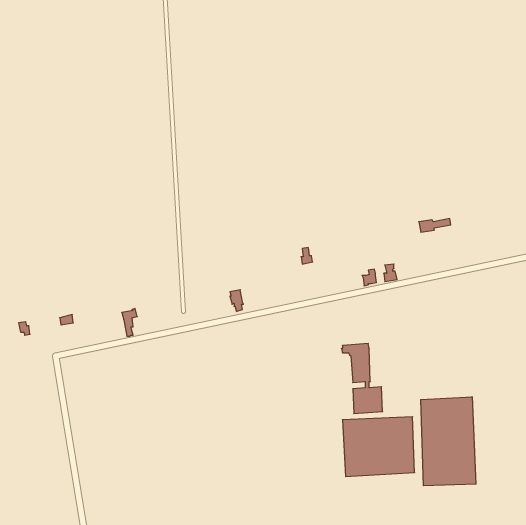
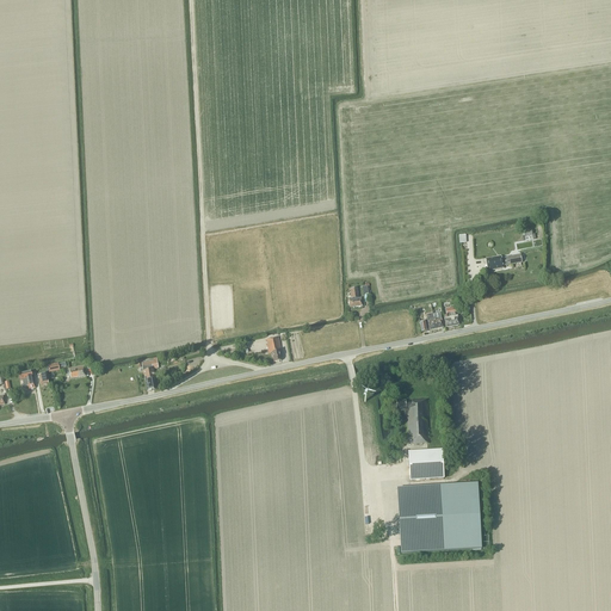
building: [421,397,476,486] -> none

